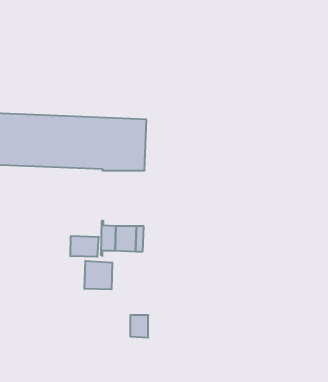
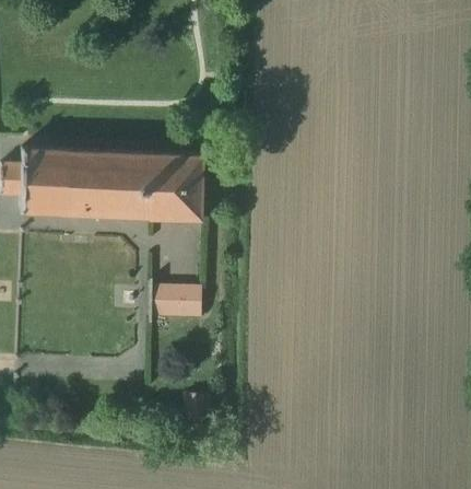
building: [71,236,99,257] -> none
building: [85,261,112,289] -> none

